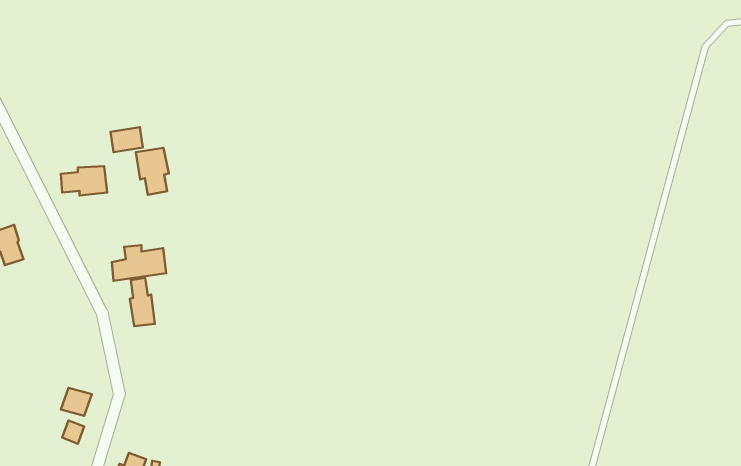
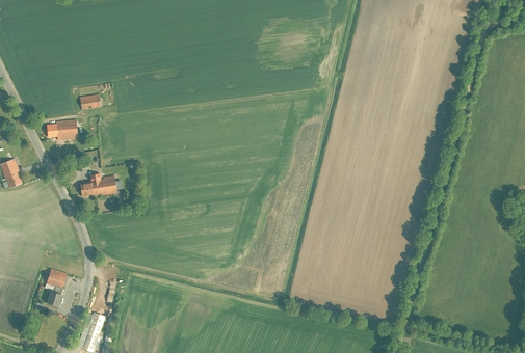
building: [136,148,169,195] -> none
building: [130,278,155,326] -> none

